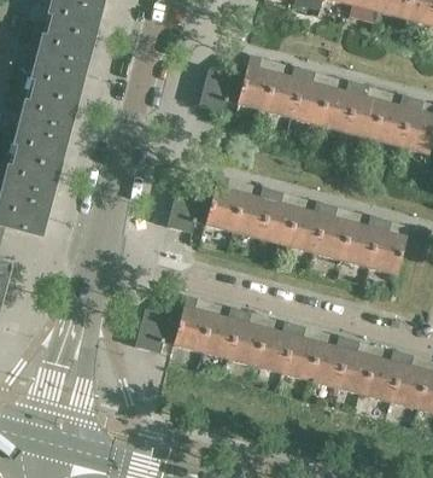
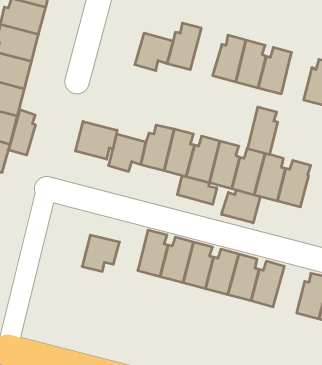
building: [264,62,302,118] -> none
building: [373,91,409,147] -> [247,107,278,154]
building: none -> [9,110,35,155]
building: none -> [75,121,117,159]
building: none -> [177,176,217,204]
building: none -> [222,190,260,223]
building: [172,297,213,351] -> none
building: [363,346,400,402] -> none

